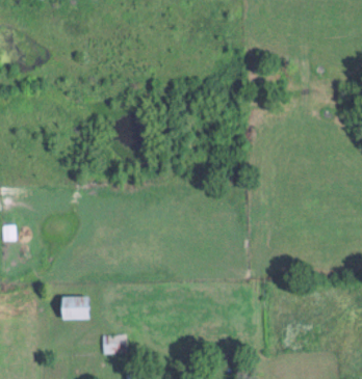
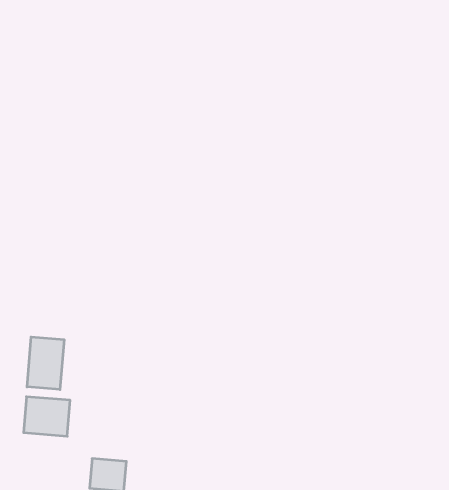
building: none -> [27,337,64,390]

